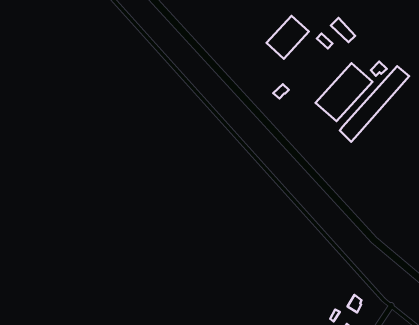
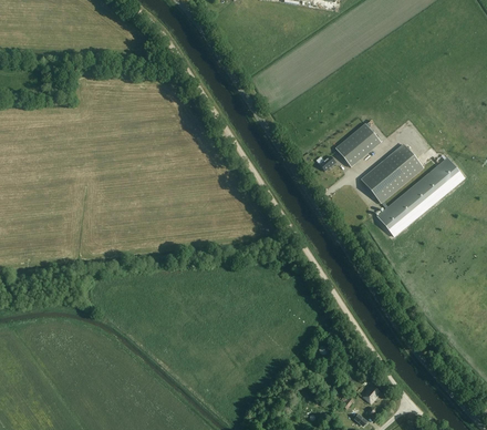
building: [267,16,309,59] -> [335,123,381,166]

